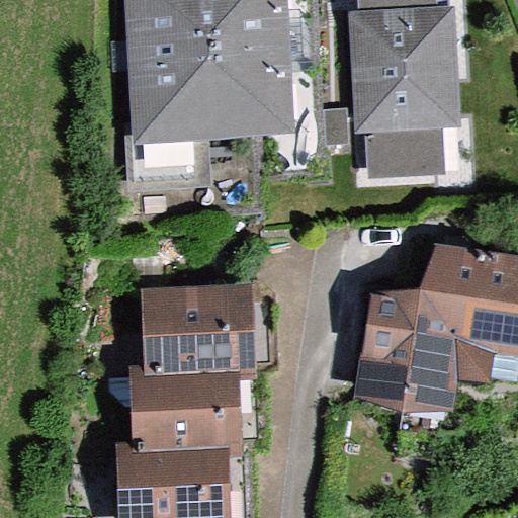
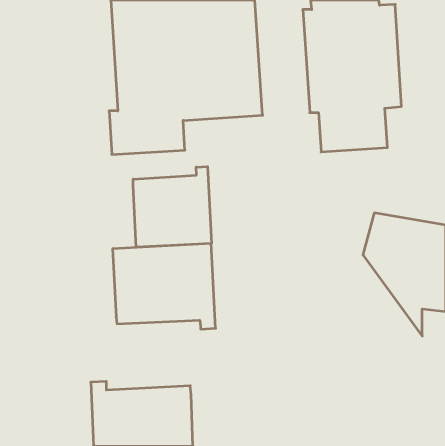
building: none -> [133,167,212,247]
building: [350,295,491,420] -> none
building: [120,367,237,457] -> none

